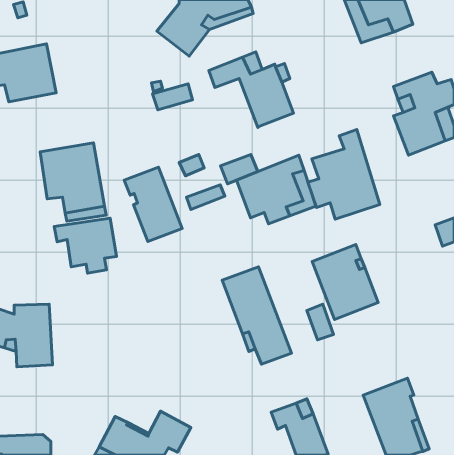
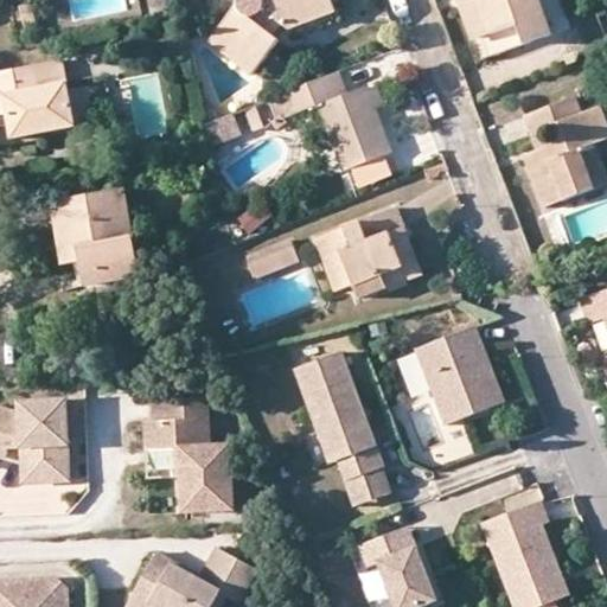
building: [308,129,380,219] -> none
building: [220,154,258,184] -> [346,152,396,191]
building: [124,167,182,242] -> none
building: [54,218,116,273] -> none
building: none -> [142,395,230,510]
building: none -> [347,471,394,510]

